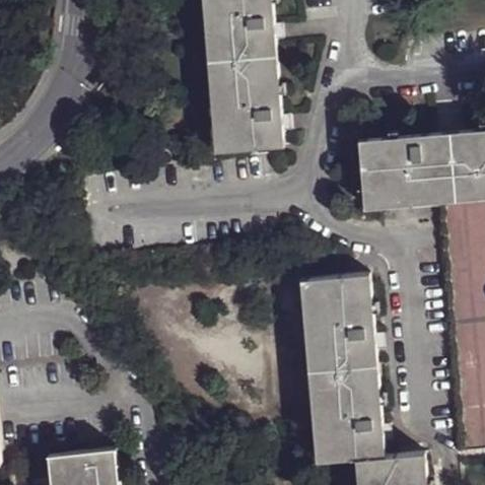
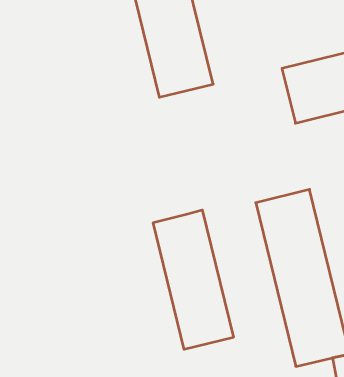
building: none -> [153,210,233,349]

